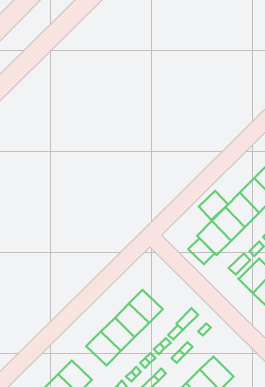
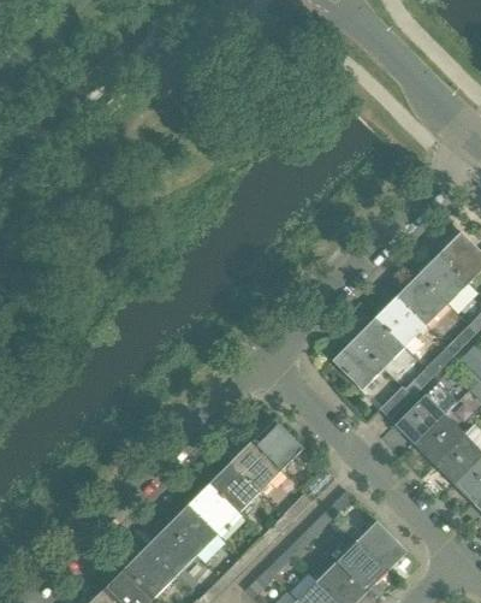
building: [199,191,228,220] -> none
building: [188,238,215,264] -> none
building: none -> [251,419,303,471]
building: none -> [357,521,408,572]
building: none -> [146,526,197,577]

